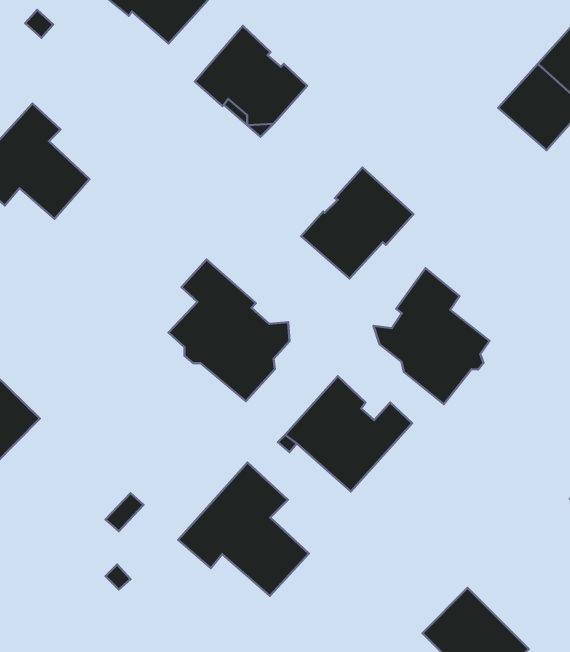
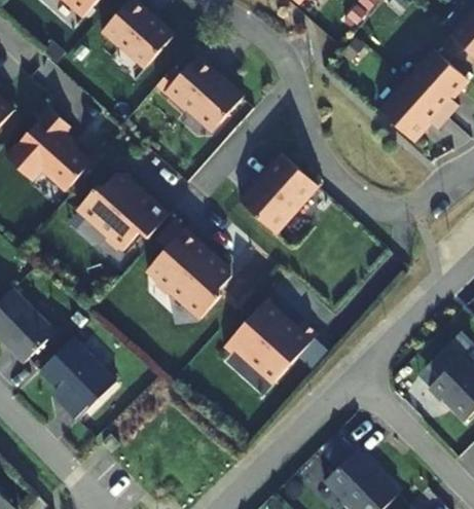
building: none -> [76,173,168,250]
building: [374,268,489,404] -> none
building: none -> [38,338,114,421]
building: [178,462,309,596] -> none

